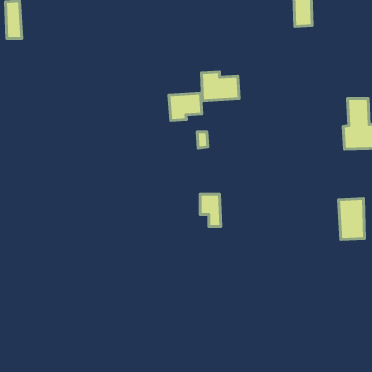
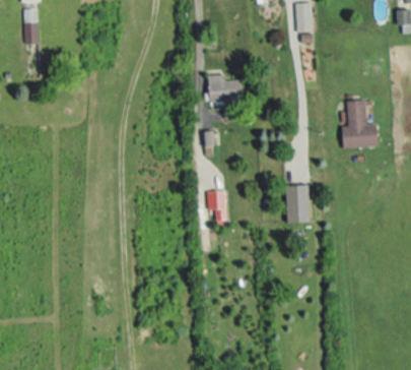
building: [169,93,202,121] -> none
building: [339,199,364,239] -> [285,185,310,224]

